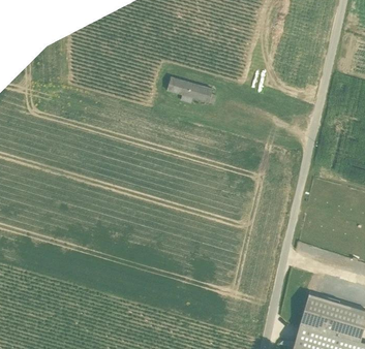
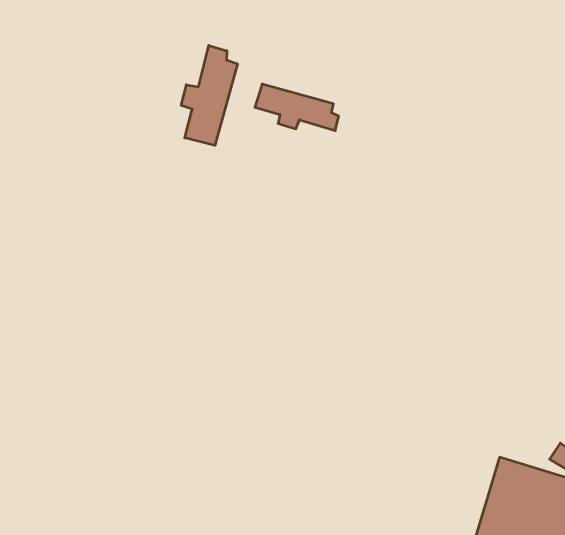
building: none -> [181,45,237,145]

